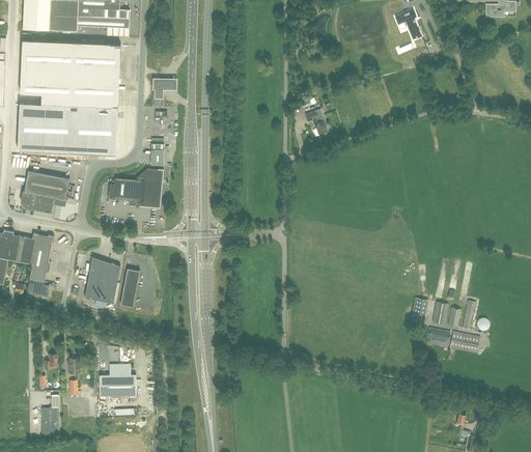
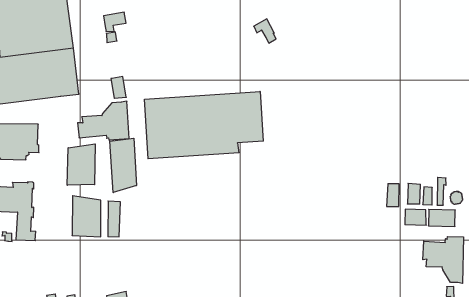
building: none -> [145,91,263,159]
building: none -> [67,144,95,185]
building: none -> [110,138,136,193]
building: none -> [423,237,463,283]

